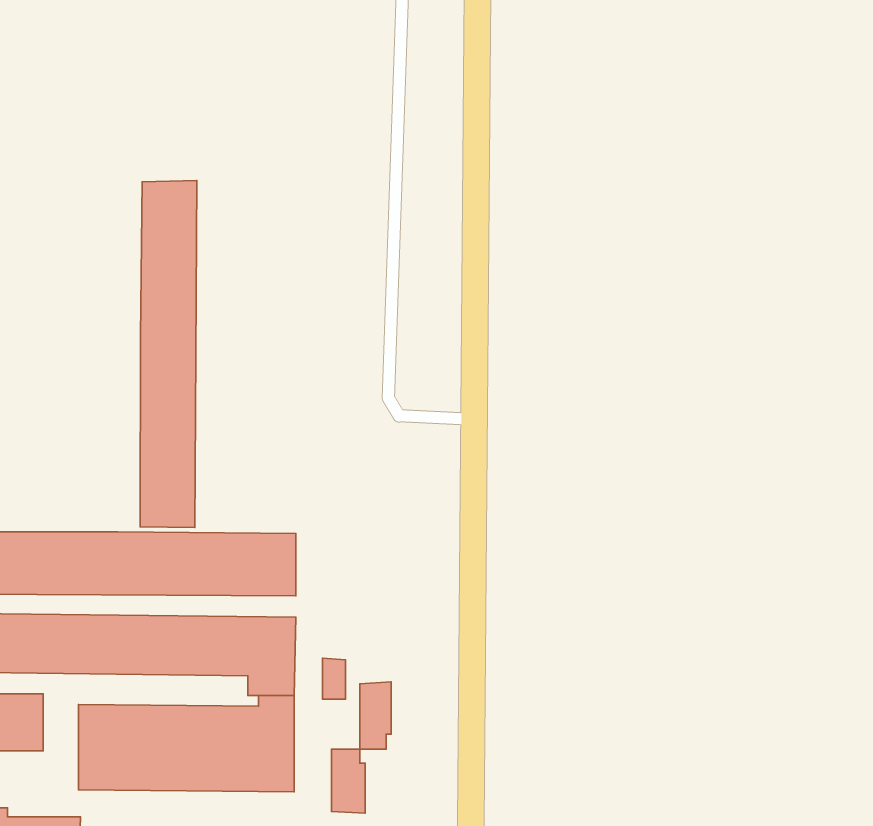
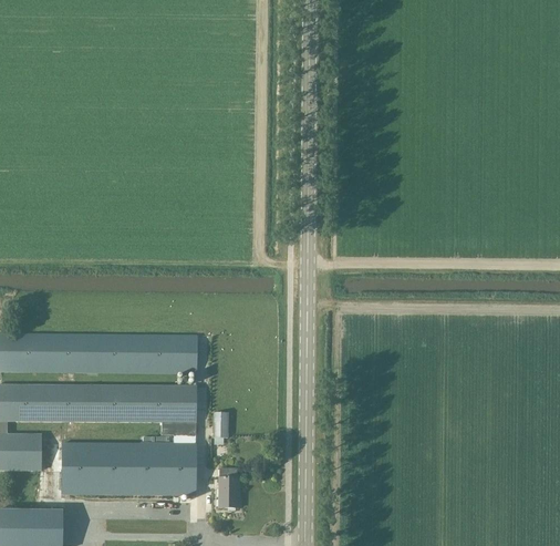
building: [140,181,197,527] -> none
building: [360,682,391,749] -> none

